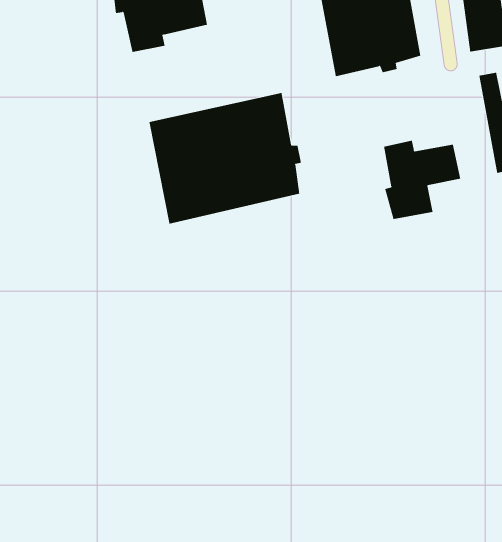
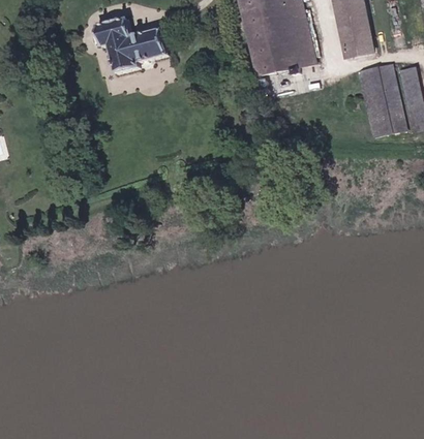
building: [149,92,301,224] -> none
building: [384,140,461,220] -> none

